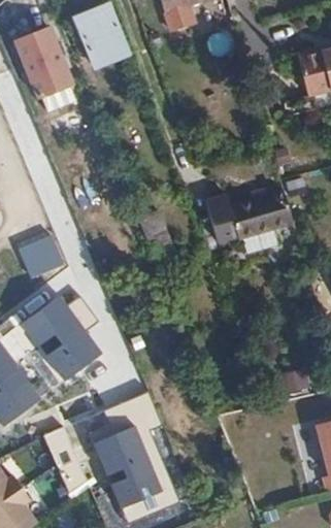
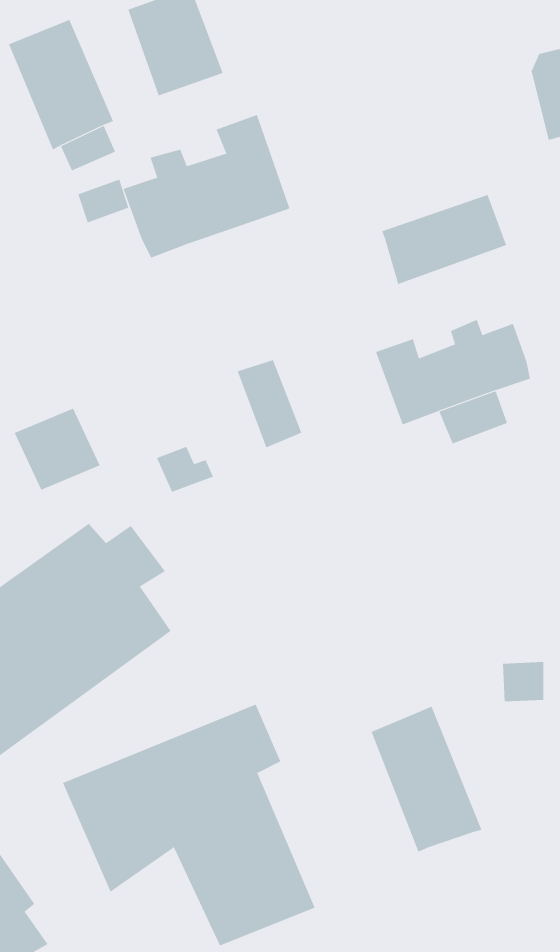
building: none -> [123,114,290,259]
building: none -> [382,194,507,285]
building: none -> [371,706,482,852]

